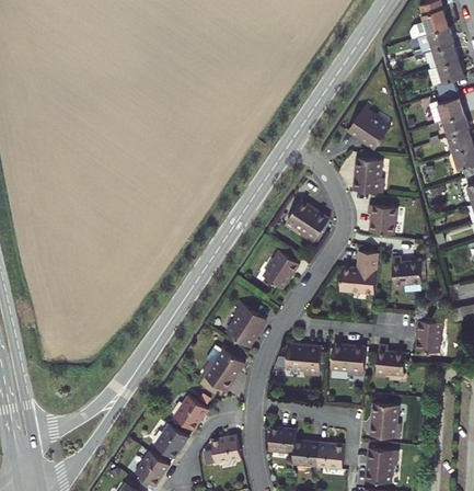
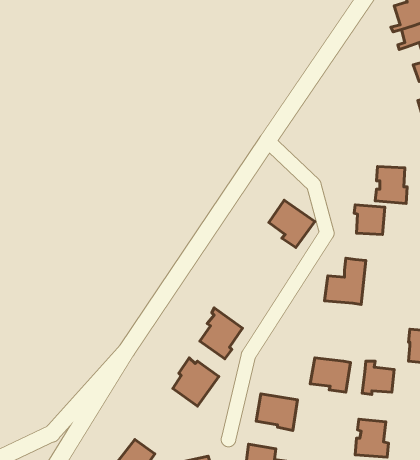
building: [351,105,392,149] -> none
building: [352,157,382,191] -> [375,167,407,203]
building: [266,248,303,287] -> none
building: [395,256,424,288] -> none
building: [286,343,324,377] -> [256,394,298,431]
building: [173,395,206,429] -> none

